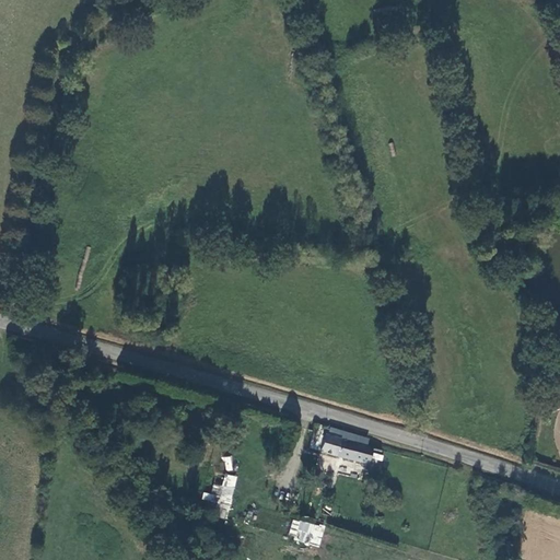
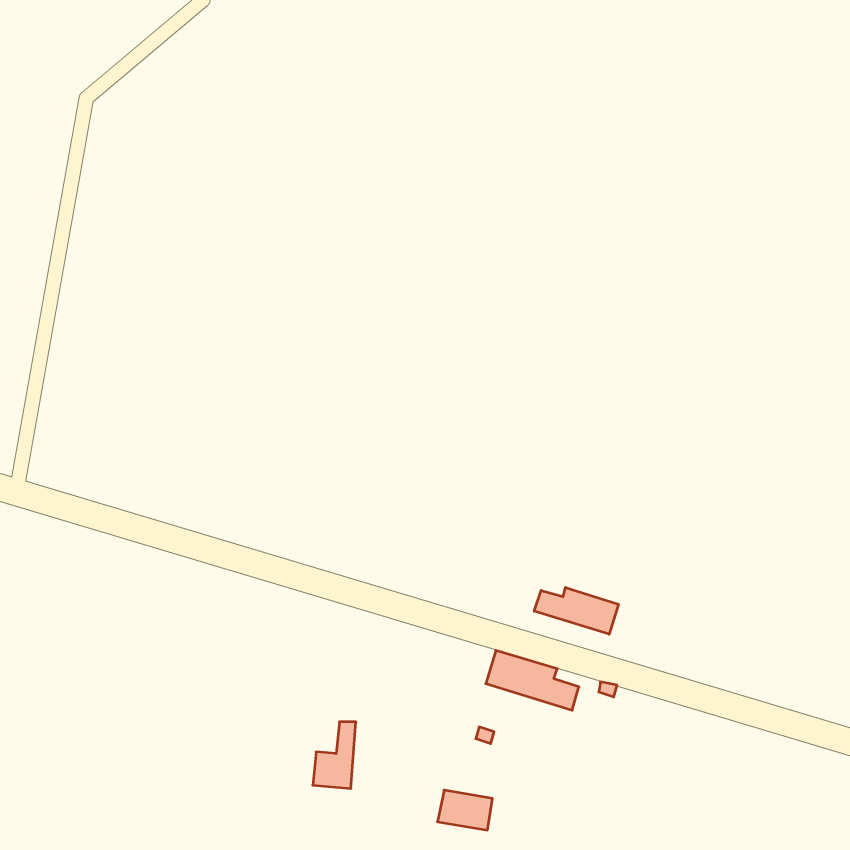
building: none -> [534,587,618,634]

